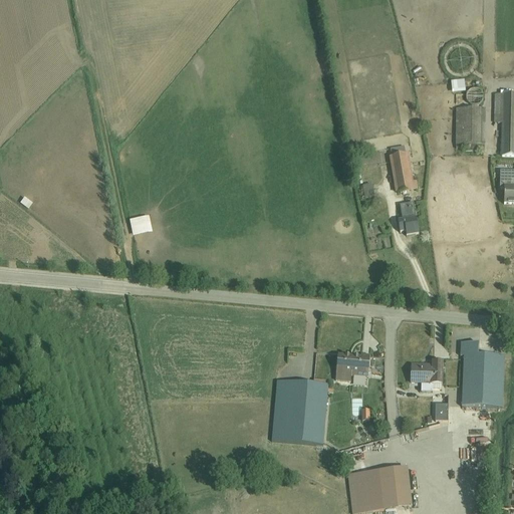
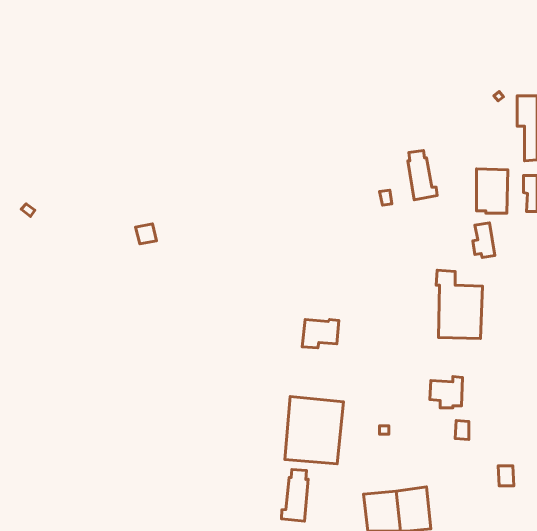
building: [456,105,486,148] -> [476,169,508,213]
building: [398,200,419,233] -> [473,223,495,258]
building: [460,340,504,406] -> [436,270,482,339]
building: [335,352,370,379] -> [302,320,339,348]
building: none -> [281,469,308,521]

